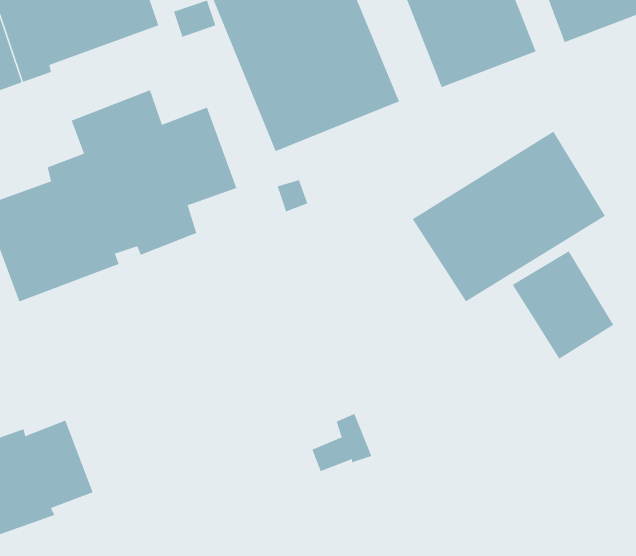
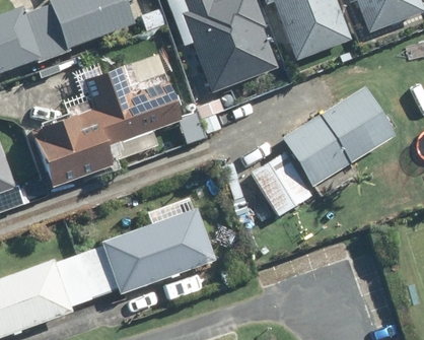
building: [512,250,614,359] -> [252,152,311,216]
building: none -> [79,208,216,297]

